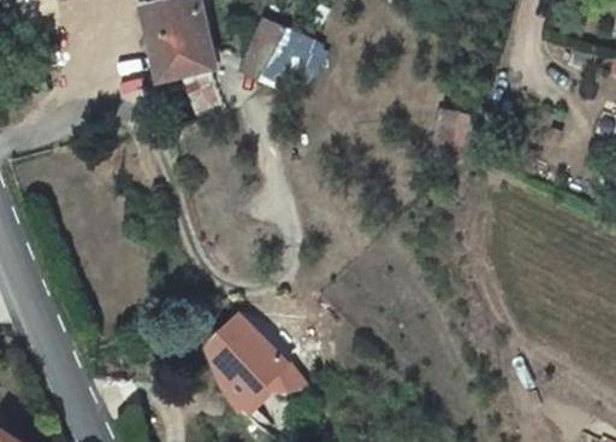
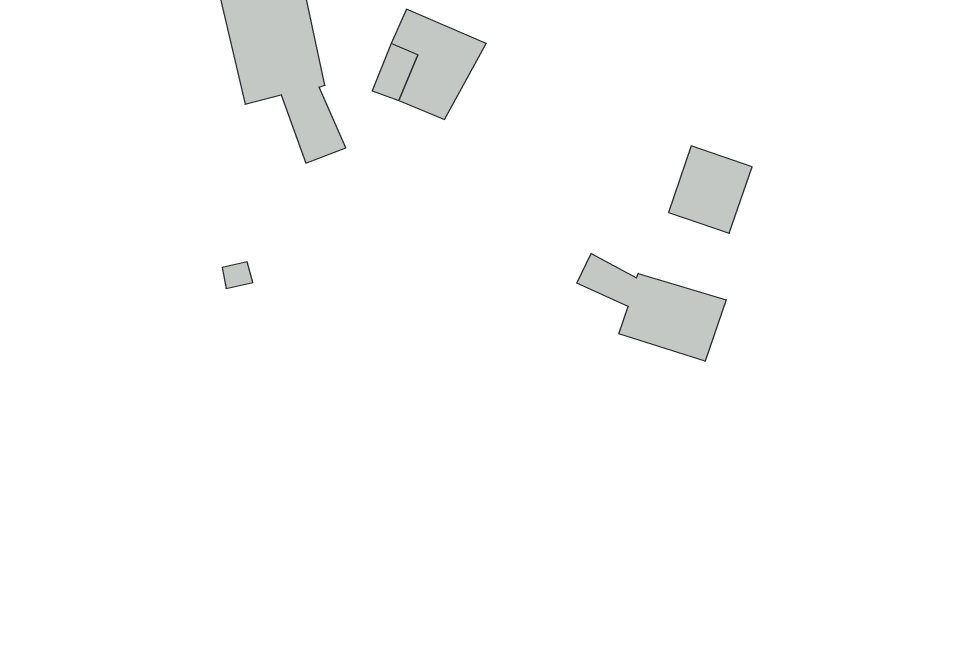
building: none -> [577,253,726,361]
building: [209,310,302,402] -> none

